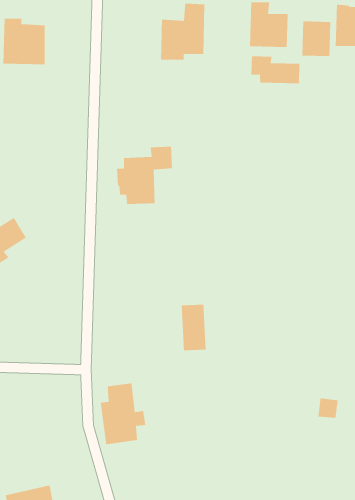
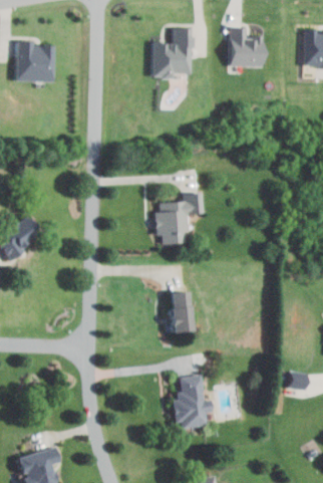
building: [302,21,331,57] -> none
building: [251,56,300,84] -> none
building: [116,146,173,205] -> [153,192,203,243]
building: [100,383,146,445] -> [174,375,214,429]

